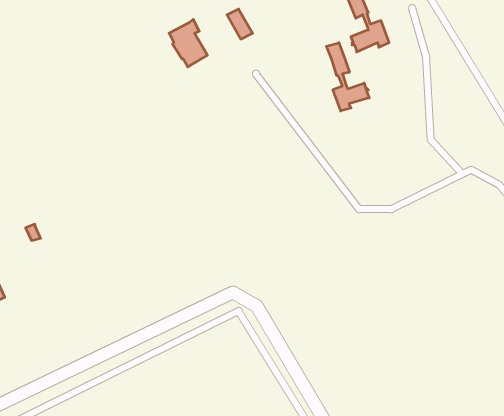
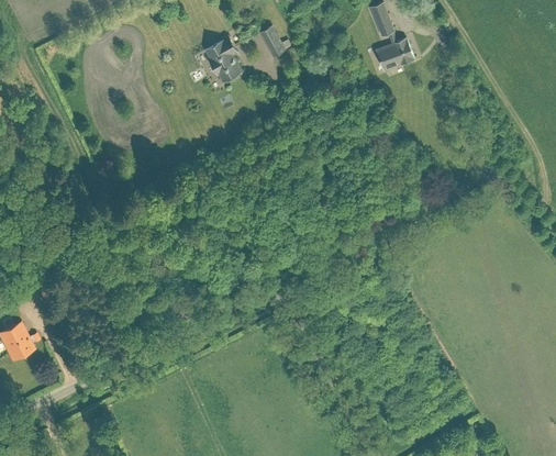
building: [326,43,369,111] -> none

